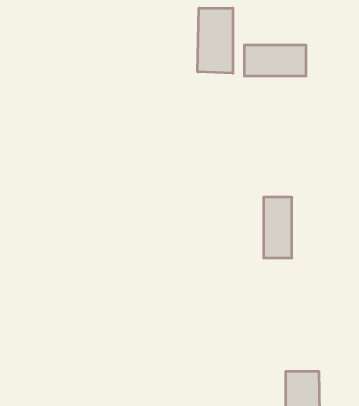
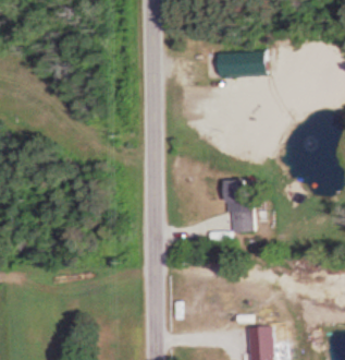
building: [198,8,233,73] -> none

